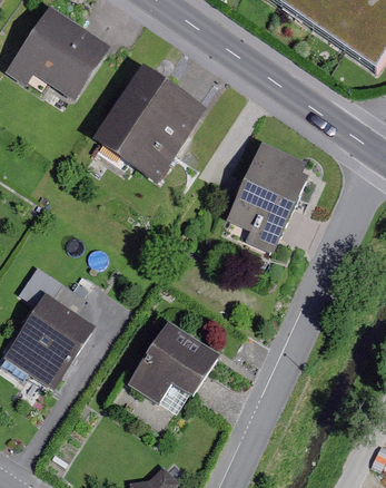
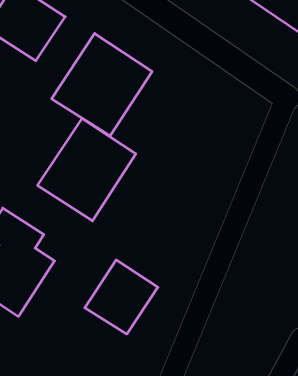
building: [227,144,311,242] -> none
building: none -> [38,119,136,221]

